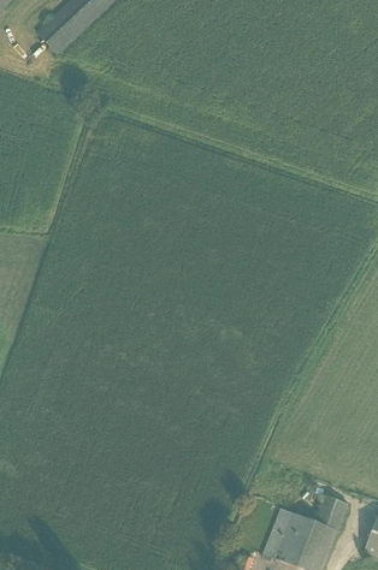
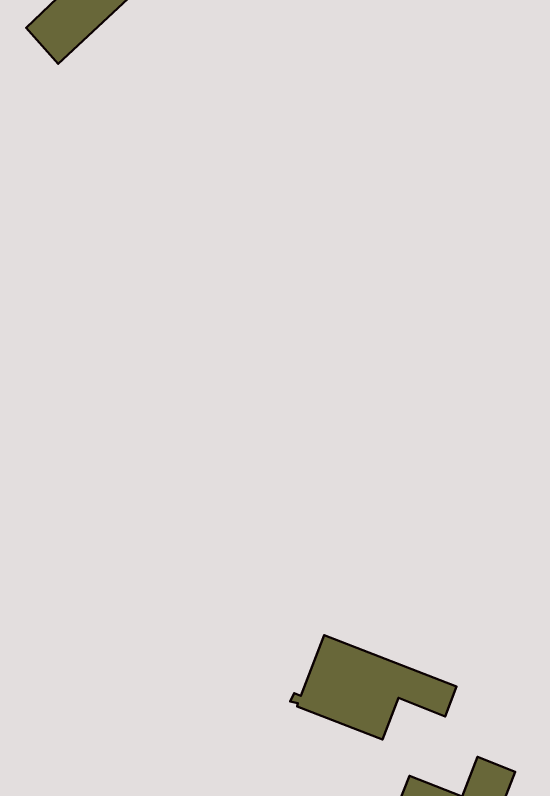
building: none -> [290,635,457,740]

